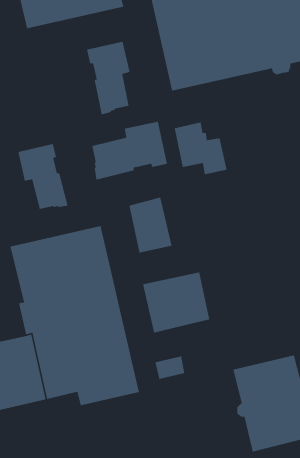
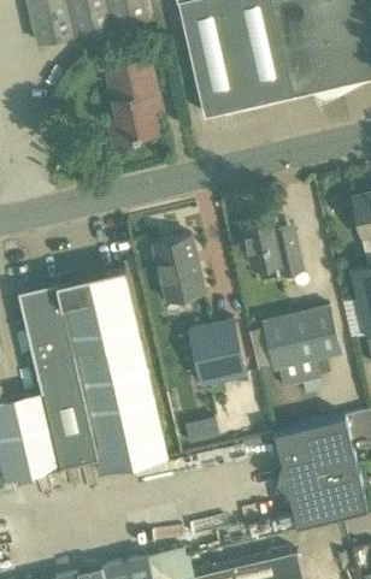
building: [91,121,168,180] -> none
building: [174,122,227,175] -> [242,217,304,278]
building: [17,143,68,210] -> none
building: none -> [261,305,341,389]

